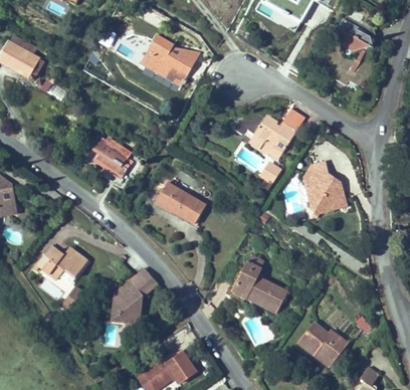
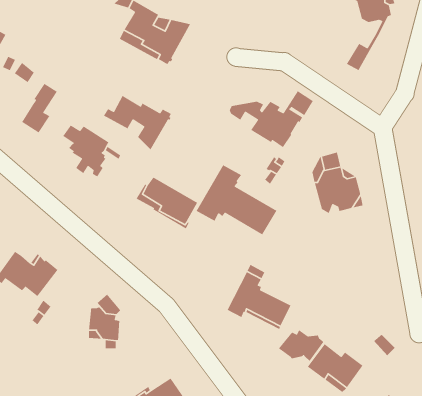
building: none -> [21,83,58,134]
building: none -> [103,95,172,151]
building: none -> [196,164,278,236]
building: [129,267,157,295] -> none
building: none -> [278,329,324,362]

